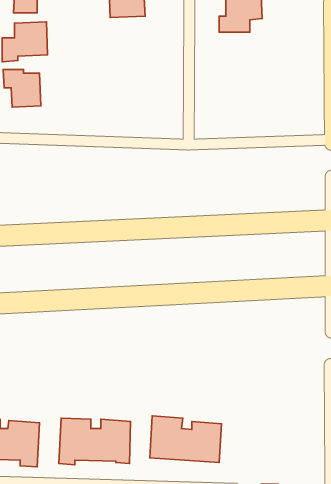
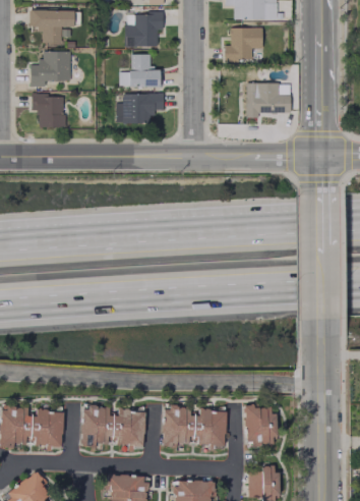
building: none -> [119,54,161,87]
building: none -> [246,84,291,118]
building: none -> [116,93,164,123]
building: none -> [245,403,276,443]

